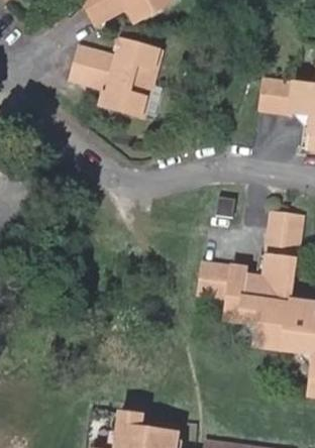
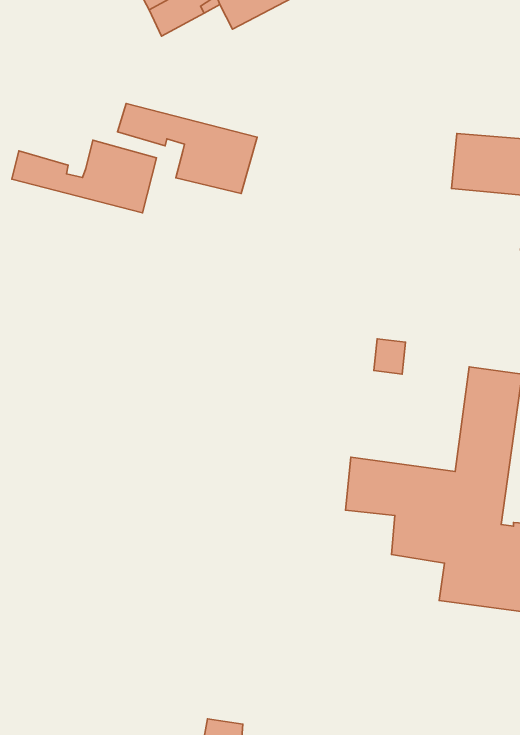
building: [76,39,159,81] -> [12,140,157,213]

